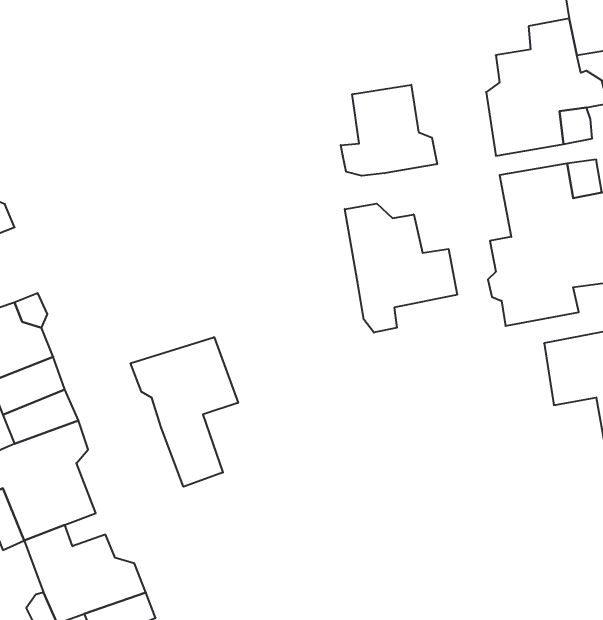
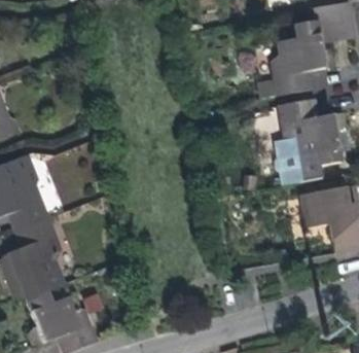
building: [341,85,437,176] -> none
building: [345,204,457,333] -> none
building: [131,337,238,487] -> none

